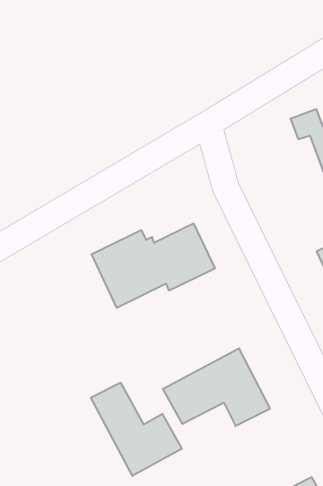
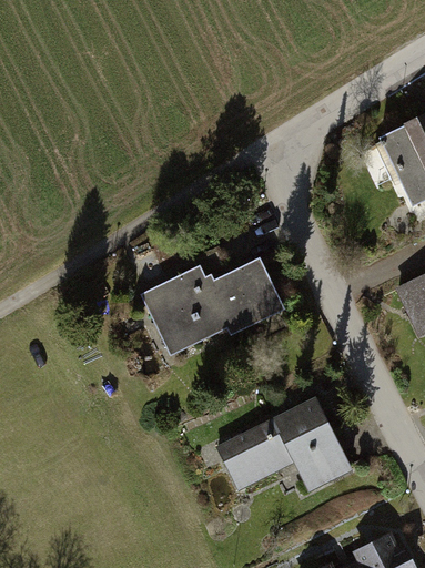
building: [91,383,182,476] -> none

